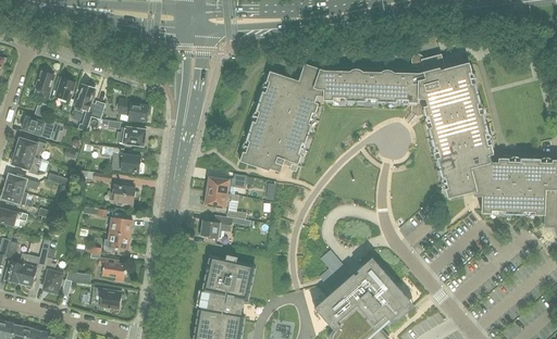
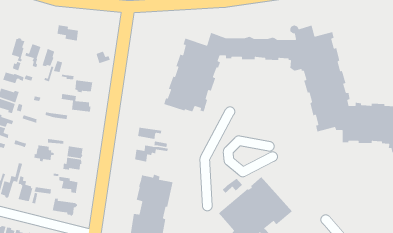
building: [117,99,148,122] -> [56,25,79,41]
building: [207,174,246,196] -> none
building: [109,181,137,205] -> [33,145,54,162]

